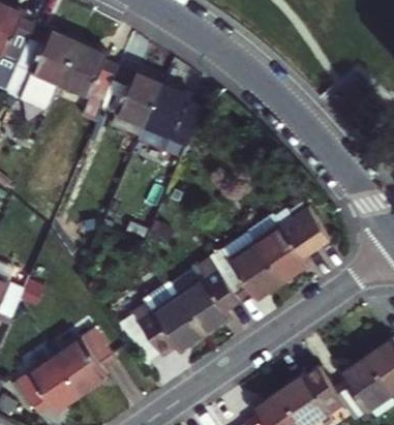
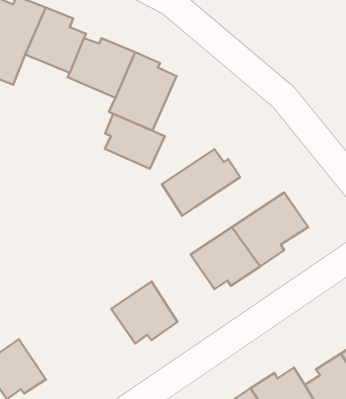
building: none -> [105,114,165,169]
building: none -> [162,149,240,216]
building: [175,273,235,337] -> none
building: [49,328,110,392] -> none

